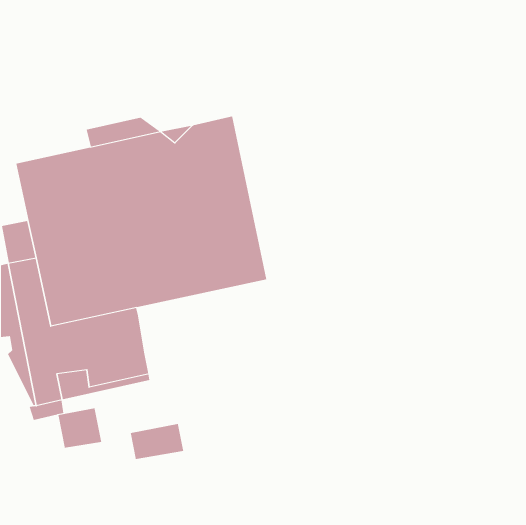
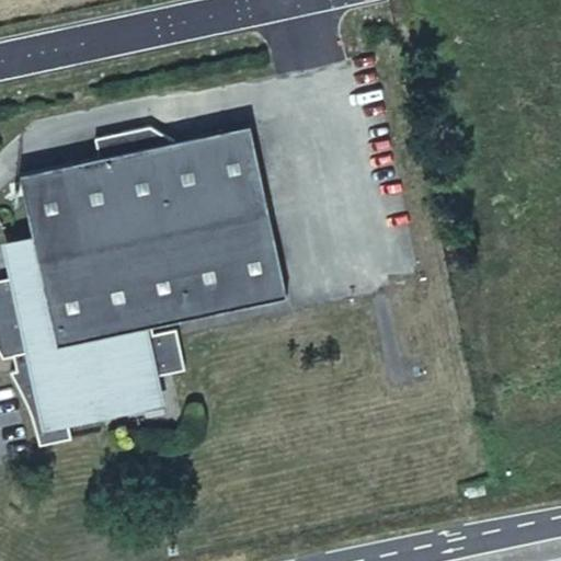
building: none -> [150,333,183,377]
building: [58,407,102,449] -> none
building: [130,423,184,460] -> none

